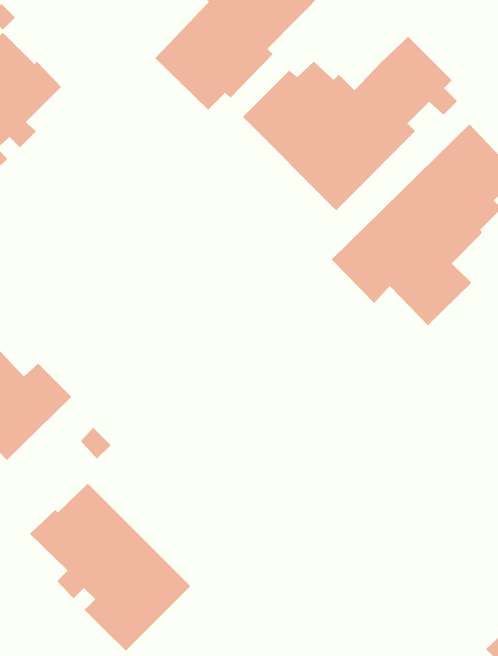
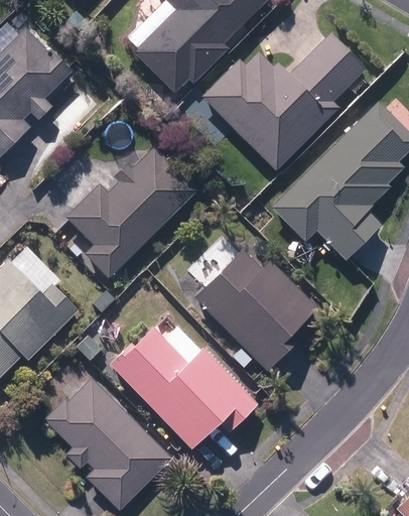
building: none -> [66,147,197,277]
building: none -> [193,250,314,369]
building: none -> [111,327,255,448]

